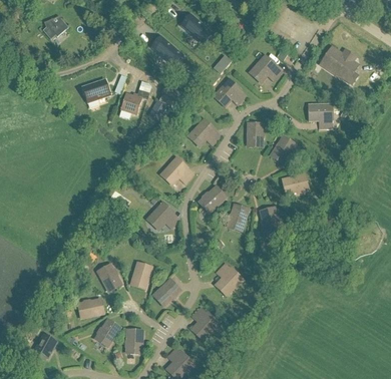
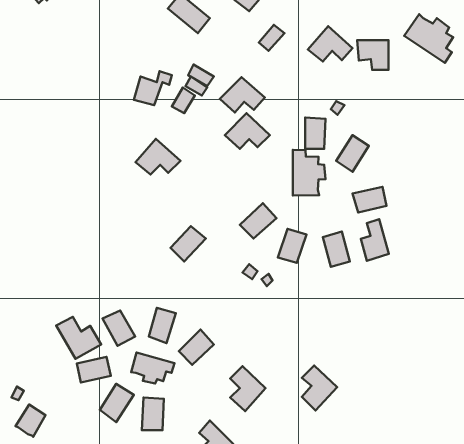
building: [81,75,110,100] -> none
building: [213,79,246,105] -> [220,77,265,113]
building: [308,104,331,126] -> [357,40,389,70]
building: none -> [293,150,325,195]
building: [160,157,193,183] -> [136,139,180,174]
building: none -> [361,219,389,261]
building: [216,262,242,295] -> [302,365,337,410]
building: none -> [56,317,101,359]
building: none -> [131,352,175,384]

